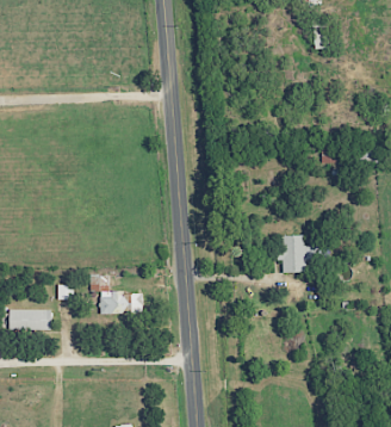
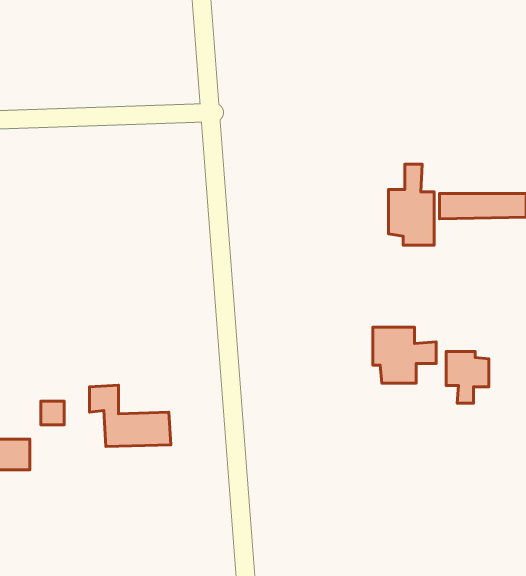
building: none -> [388,164,434,245]
building: none -> [446,352,489,403]

